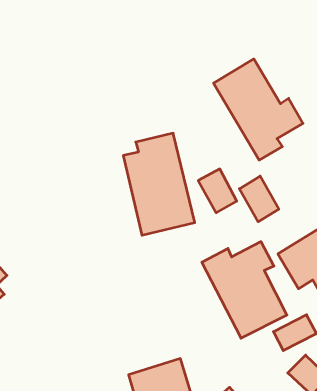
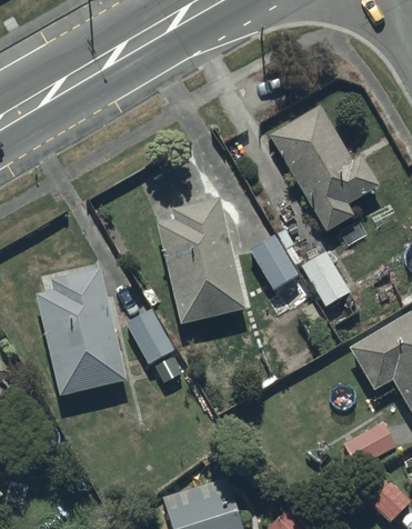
building: none -> [36,267,127,395]
building: none -> [127,309,185,387]
building: [202,242,287,338] -> none

